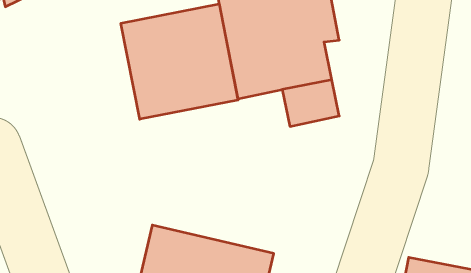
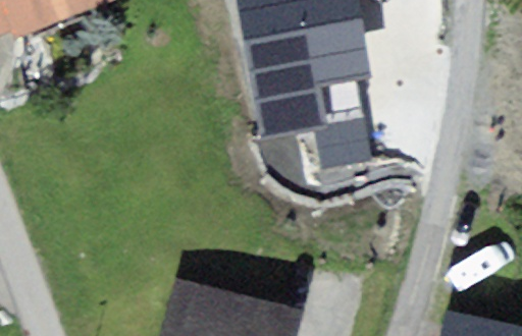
building: [121,4,238,119] -> none

